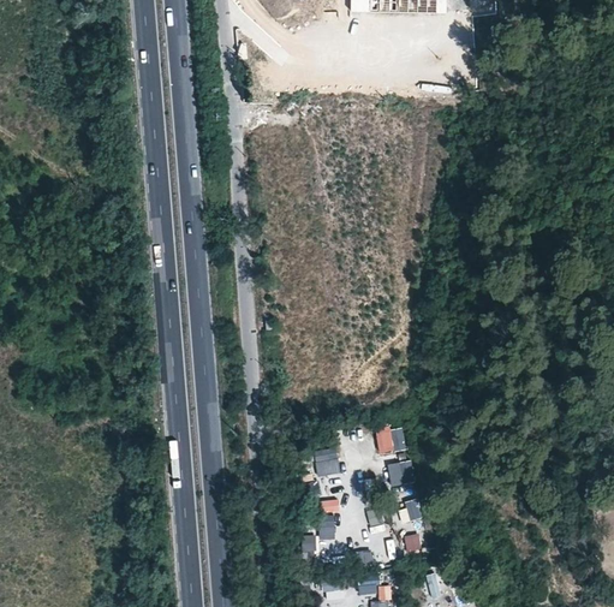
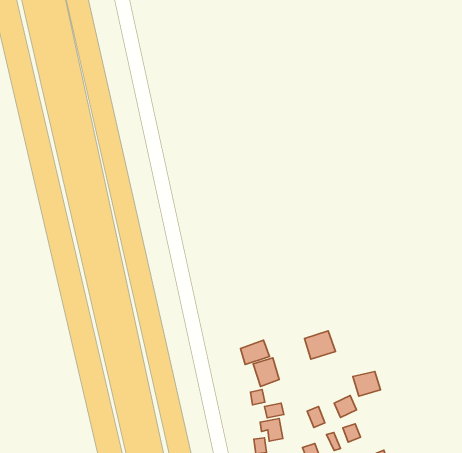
building: none -> [241,340,270,365]
building: [387,462,416,487] -> [353,371,381,396]

